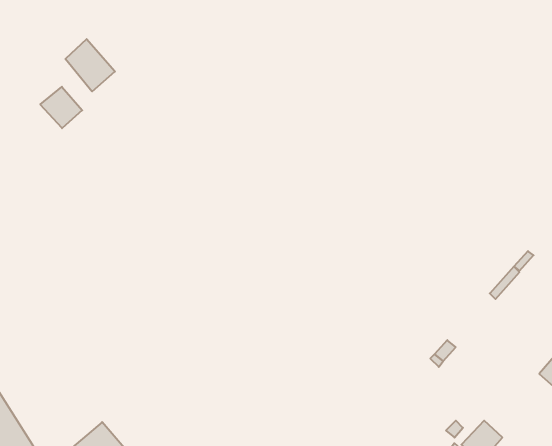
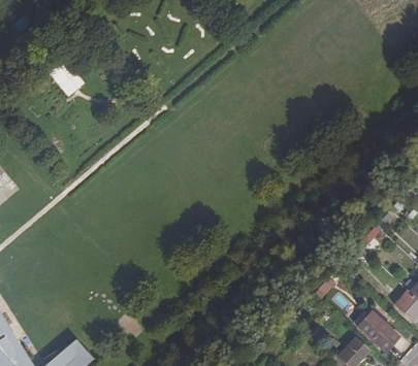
building: [40,87,82,128] -> none
building: none -> [358,311,400,351]

